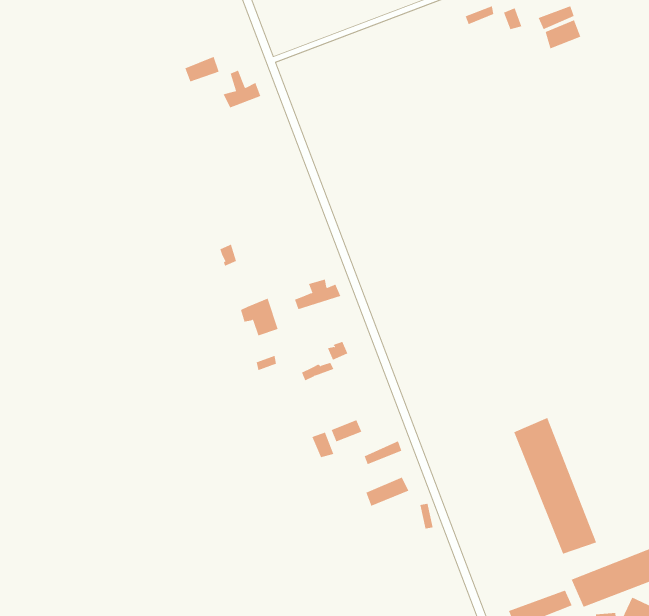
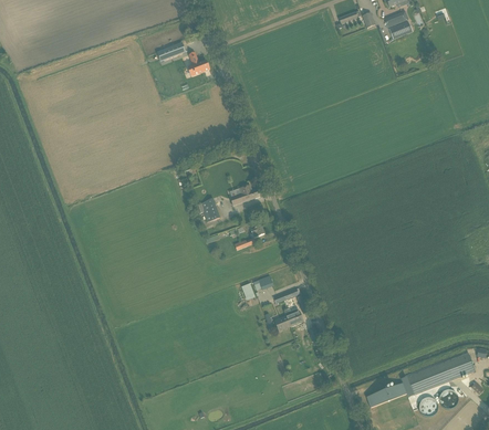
building: [513,417,597,555] -> none

